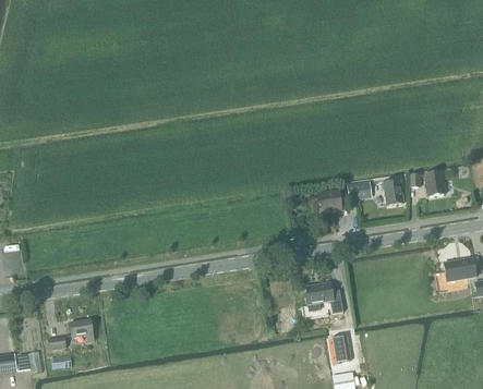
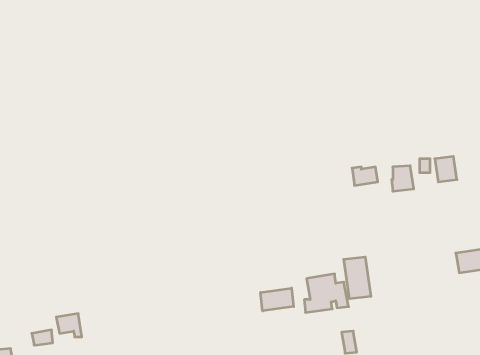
building: [317,191,341,212] -> none
building: none -> [344,257,371,299]
building: none -> [261,288,294,311]

